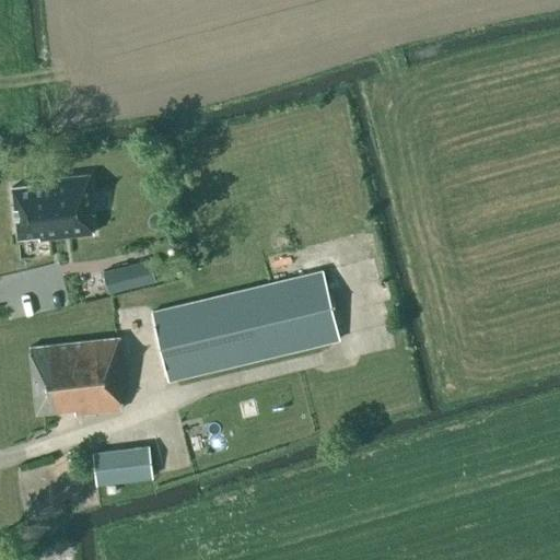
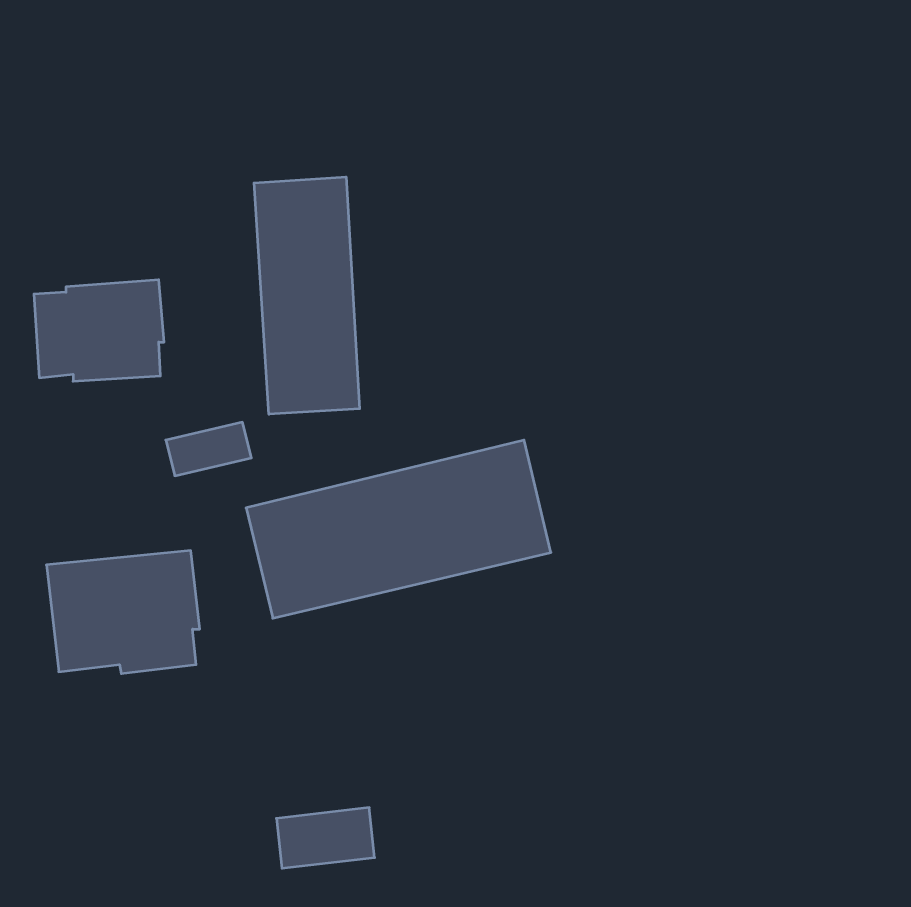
building: none -> [254,177,360,414]
building: [92,447,152,485] -> [276,808,375,868]

